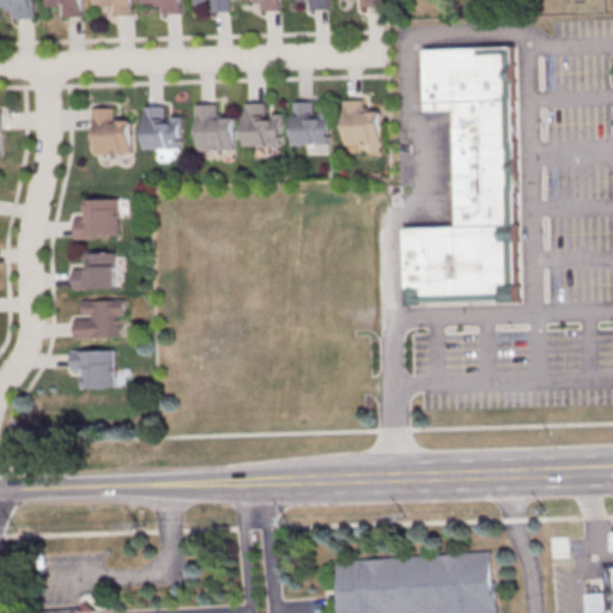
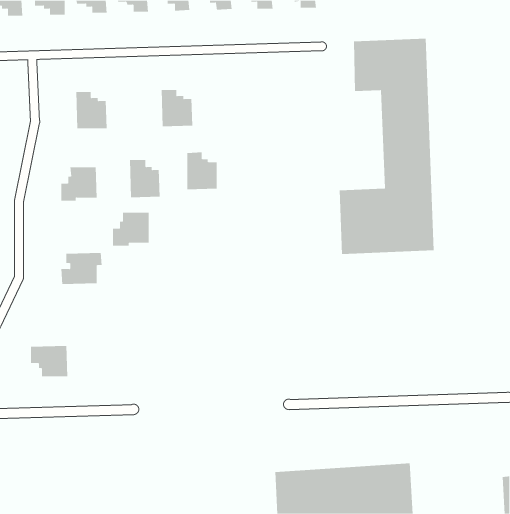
building: [289,101,327,145] -> none
building: [340,101,378,146] -> none
building: [239,102,277,147] -> [186,152,218,190]
building: [141,104,178,150] -> [129,160,160,198]
building: [68,253,113,293] -> [112,212,149,246]
building: [67,351,113,388] -> [30,345,68,377]

